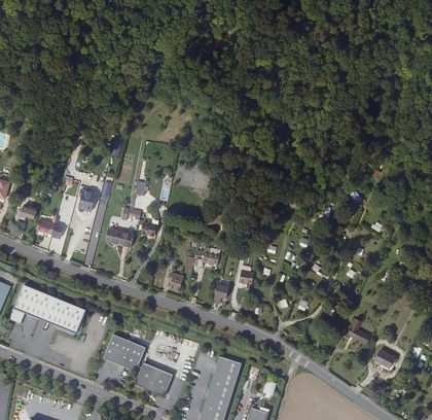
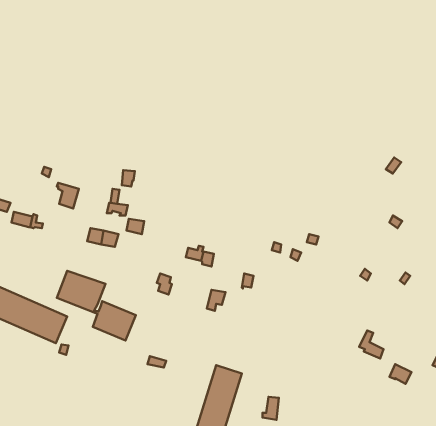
building: [103,334,173,395] -> [57,271,136,341]

